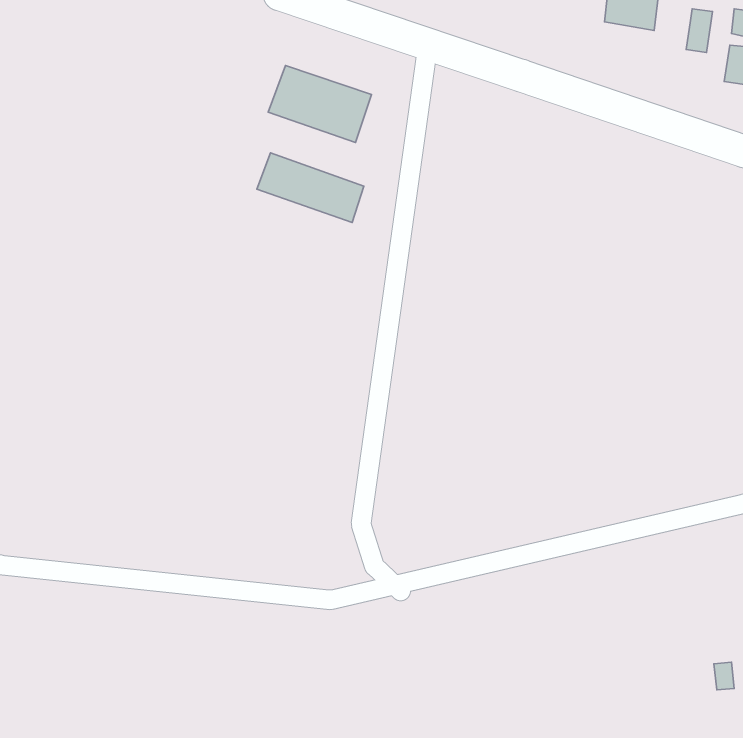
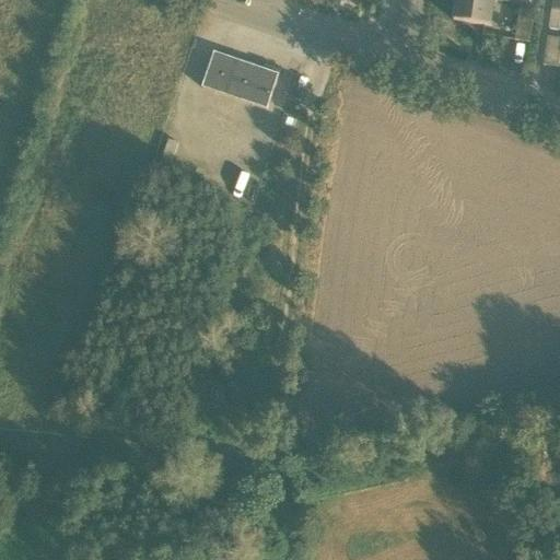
building: [257,153,364,223] -> none

